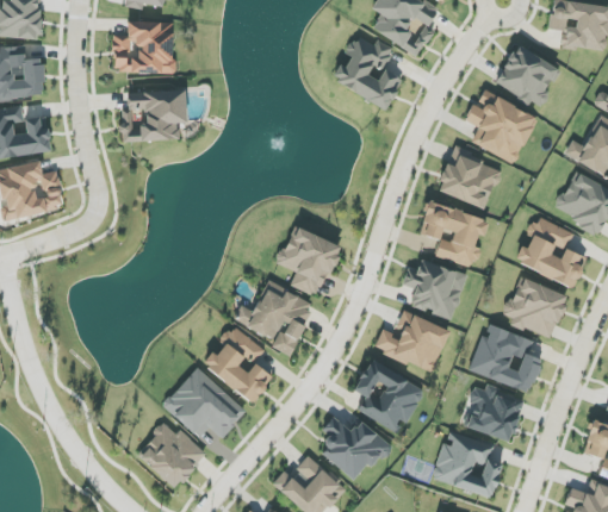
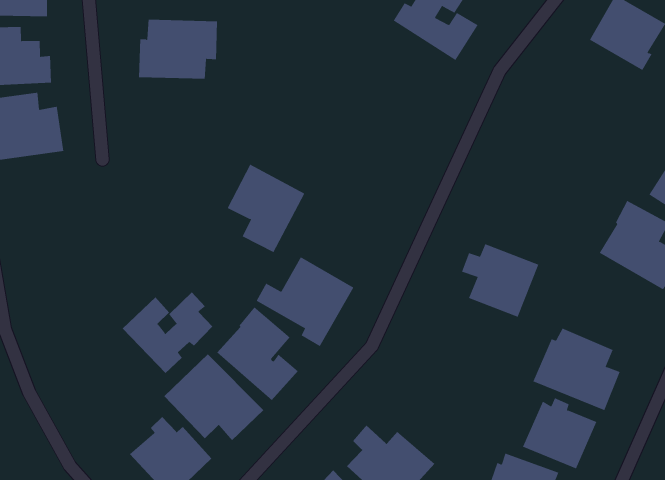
building: [465,90,538,164] -> none
building: [436,148,502,210] -> none
building: [418,202,489,267] -> none
building: [277,225,341,298] -> [227,164,305,253]
building: [504,276,569,339] -> none
building: [374,311,449,373] -> none
building: none -> [122,292,213,374]
building: [354,361,423,433] -> none

